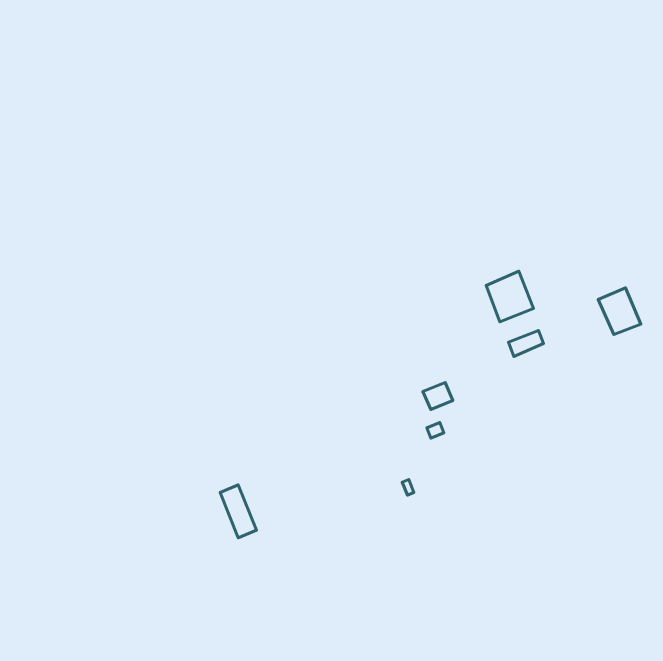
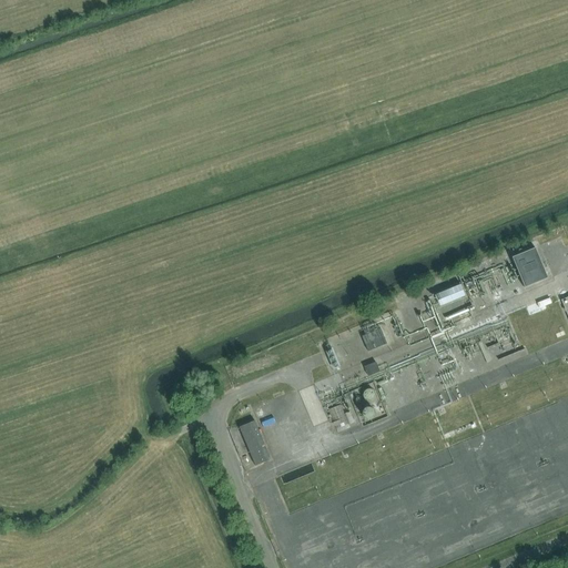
building: [486,271,533,322] -> none
building: [220,485,256,538] -> [240,419,271,465]

